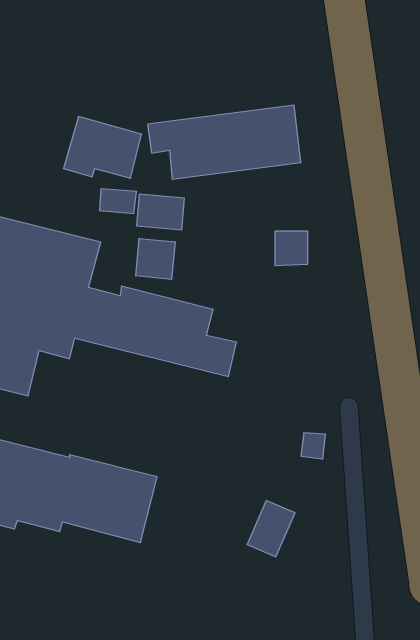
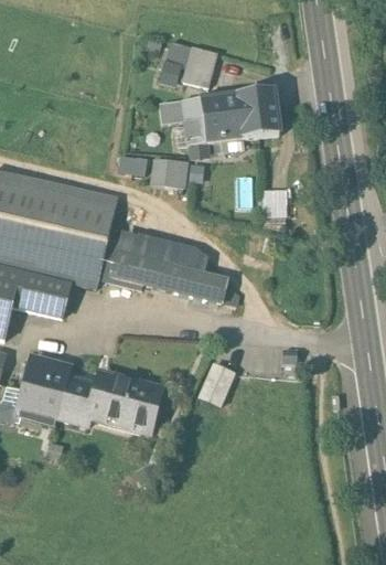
building: [63,116,142,178] -> [154,39,217,88]
building: [136,238,175,279] -> none
building: [247,500,295,557] -> [197,362,236,407]

